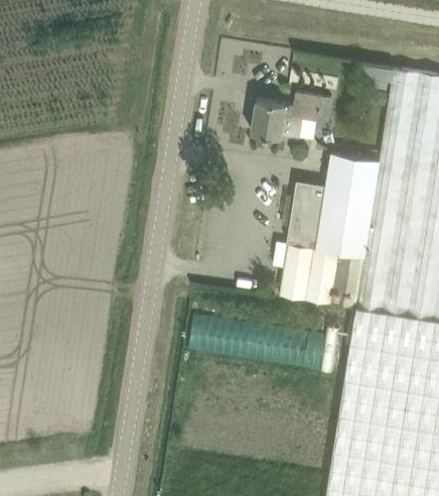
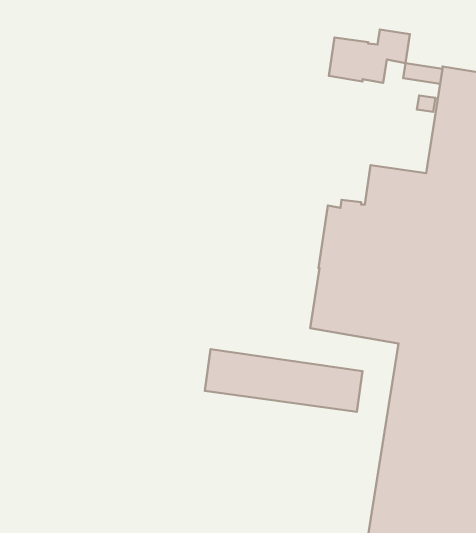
building: [253,94,323,140] -> [329,29,410,83]

